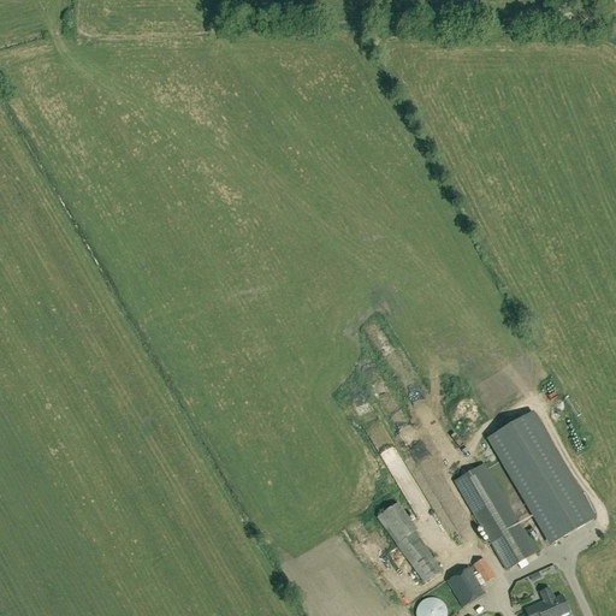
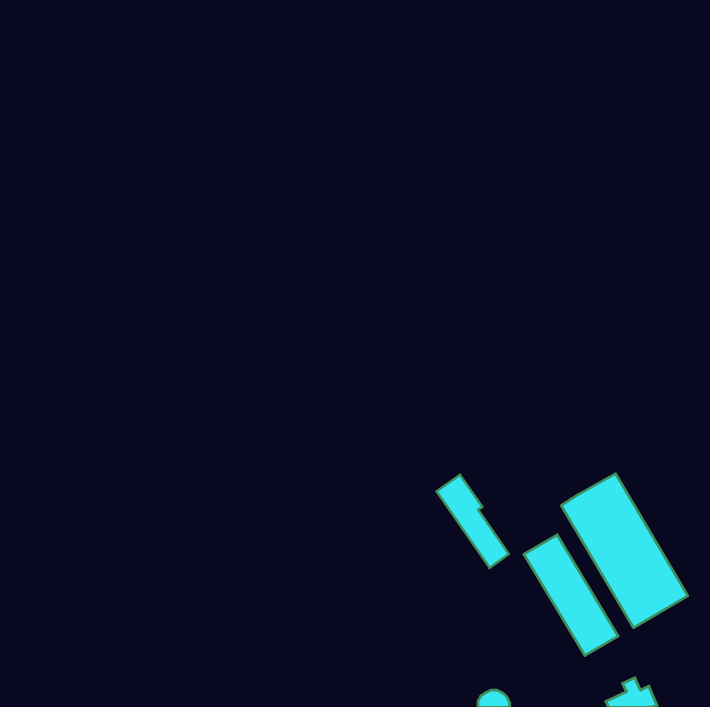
building: [379,500,442,581] -> [437,475,509,568]
building: [446,558,494,606] -> none

